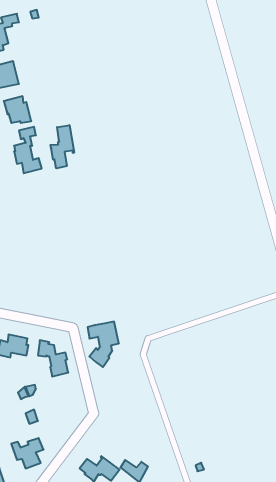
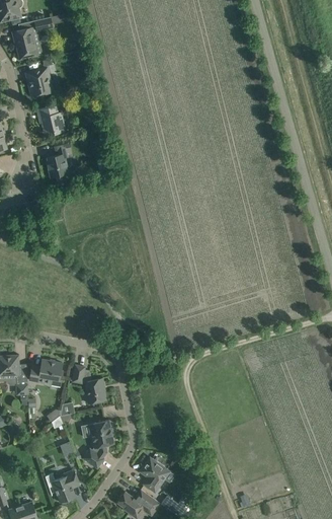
building: [50,125,74,168] -> none
building: [88,322,119,367] -> [80,420,113,468]
building: none -> [139,457,166,492]

